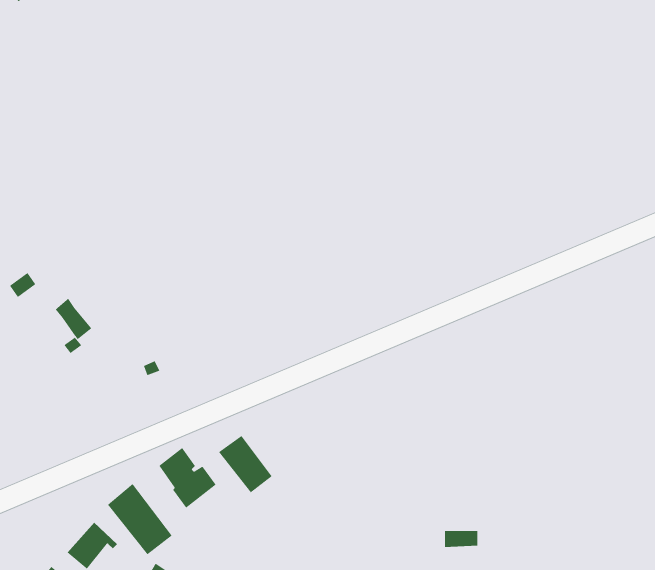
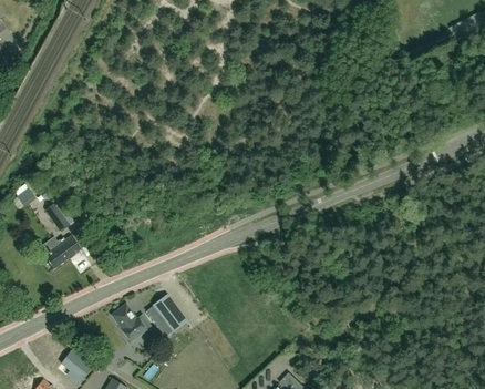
building: none -> [44,236,80,269]
building: [107,483,172,555] -> none

